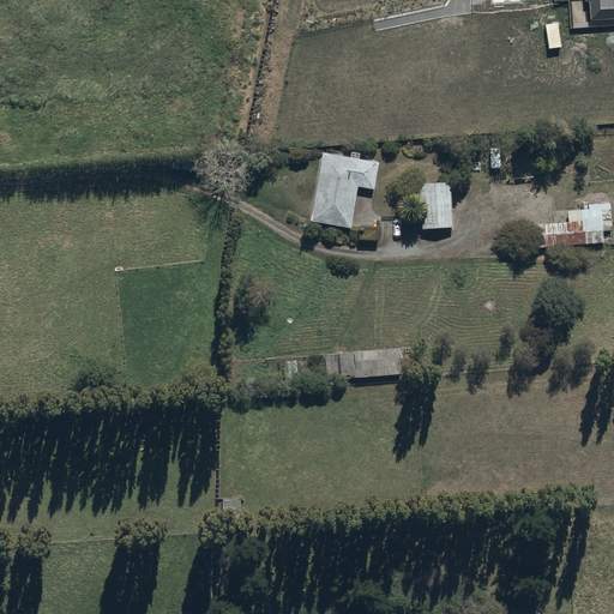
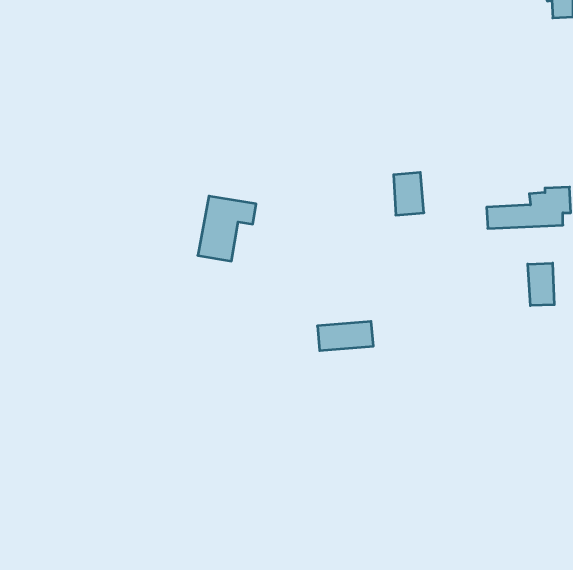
building: [314,157,377,227] -> [198,196,256,261]
building: none -> [528,263,554,306]

